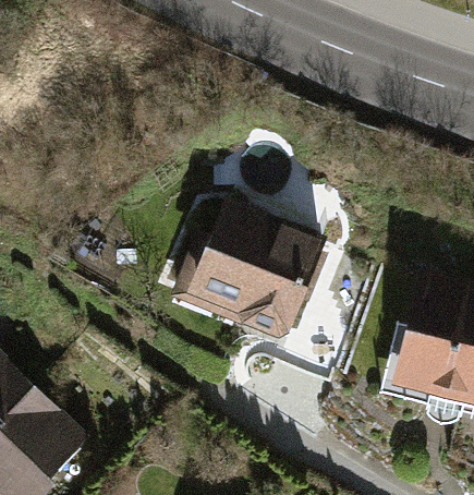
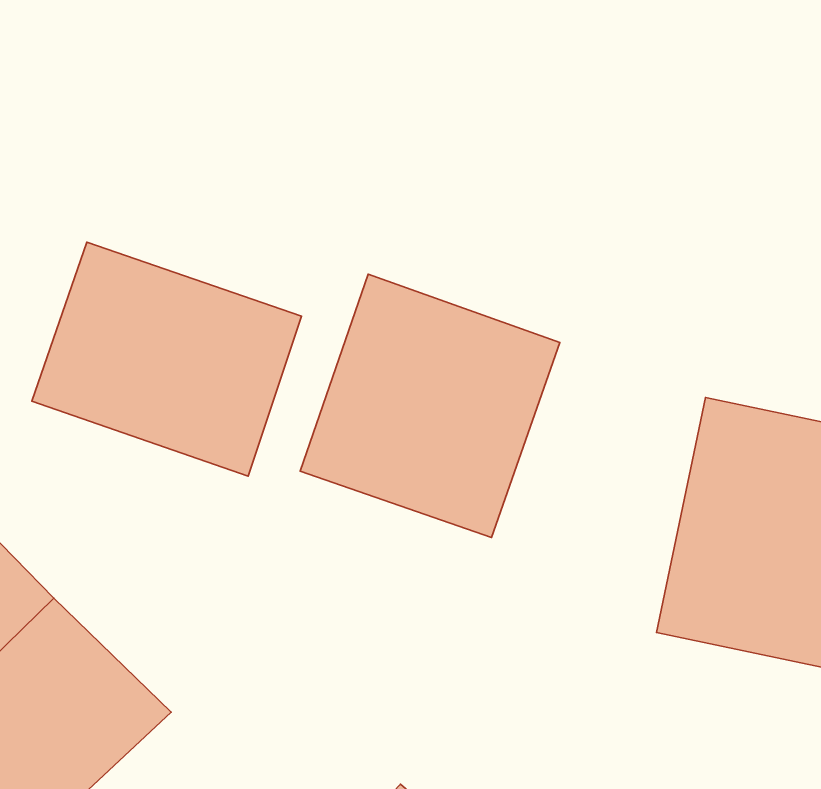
building: none -> [32,242,302,476]

